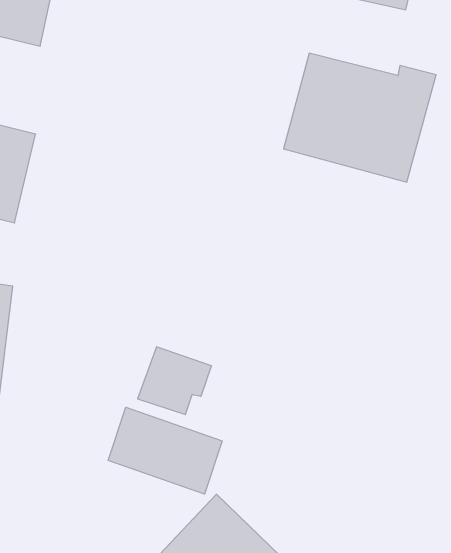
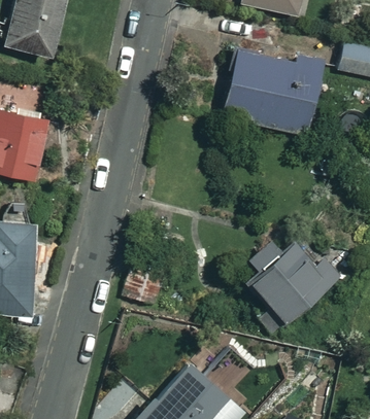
building: none -> [242,239,342,326]
building: [108,407,222,494] -> none

